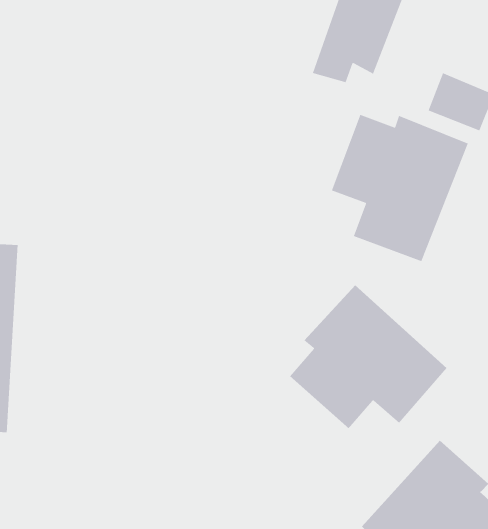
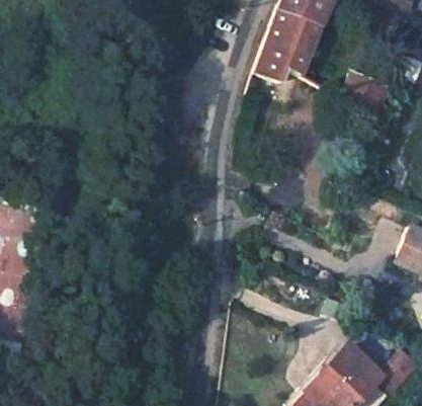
building: [331,114,469,262] -> none
building: [289,285,448,429] -> none

